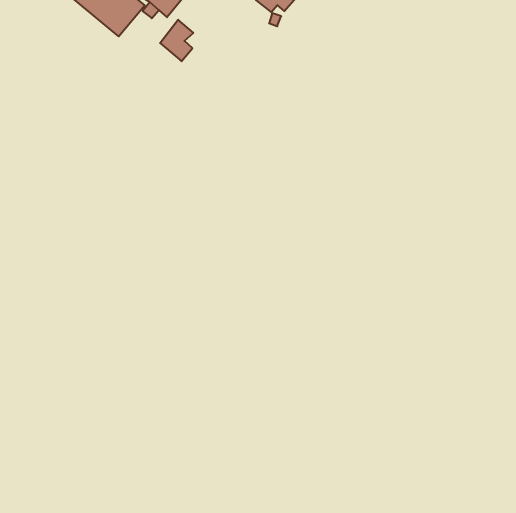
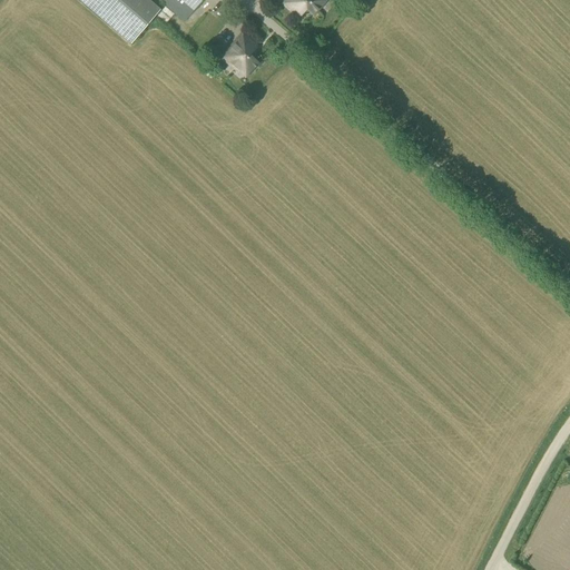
building: [160,20,193,61] -> [223,28,259,73]

